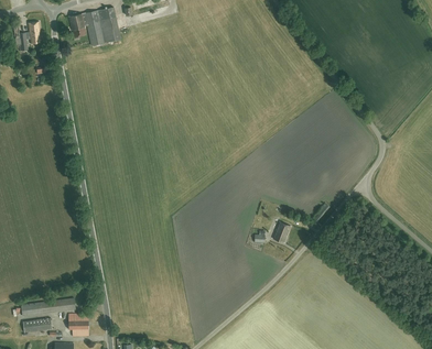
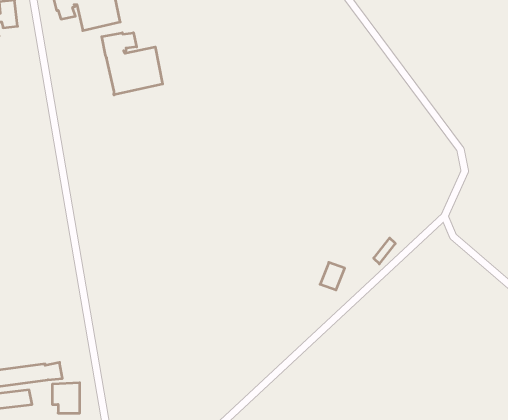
building: none -> [102,33,163,95]

